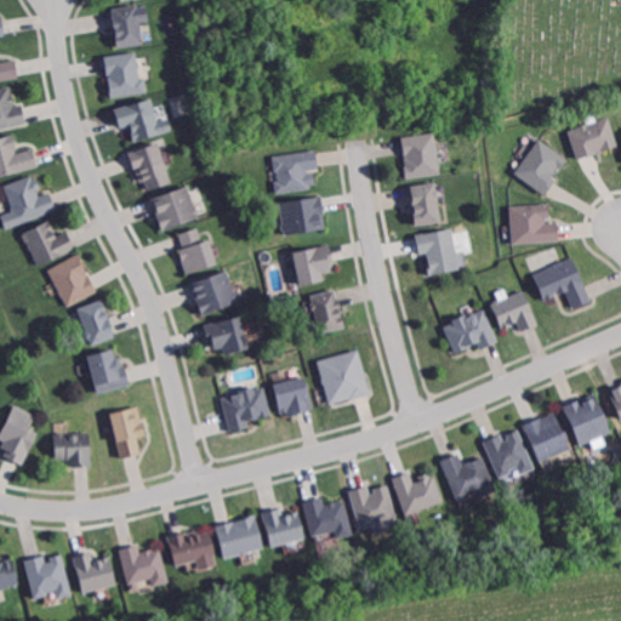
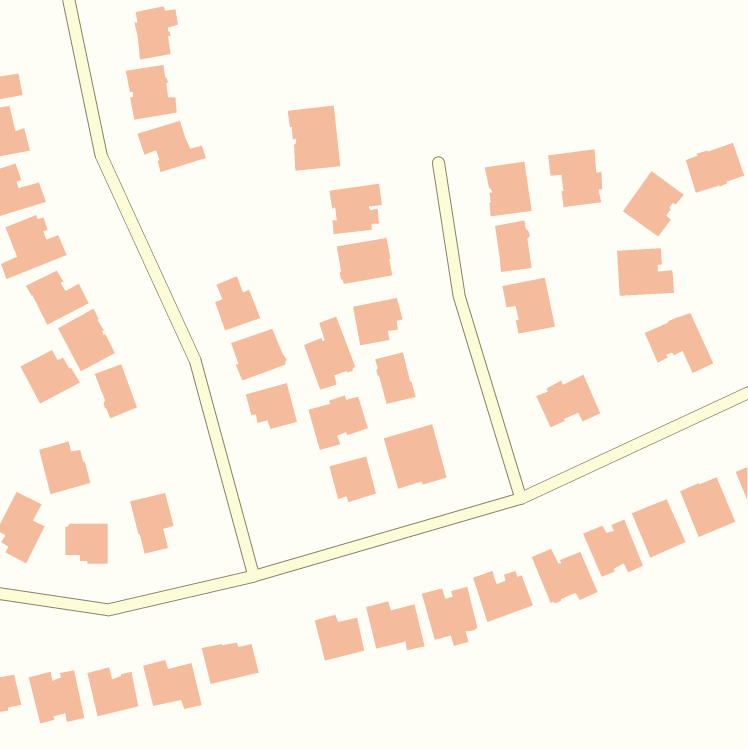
building: none -> [287,105,341,172]
building: none -> [548,148,603,208]
building: [127,144,171,192] -> none
building: [150,186,199,232] -> none
building: none -> [303,316,356,391]
building: none -> [19,349,81,404]
building: [490,291,536,332] -> none
building: [85,351,129,395] -> [38,441,91,495]
building: [221,387,272,433] -> [307,395,369,450]
building: [215,514,263,559] -> none

